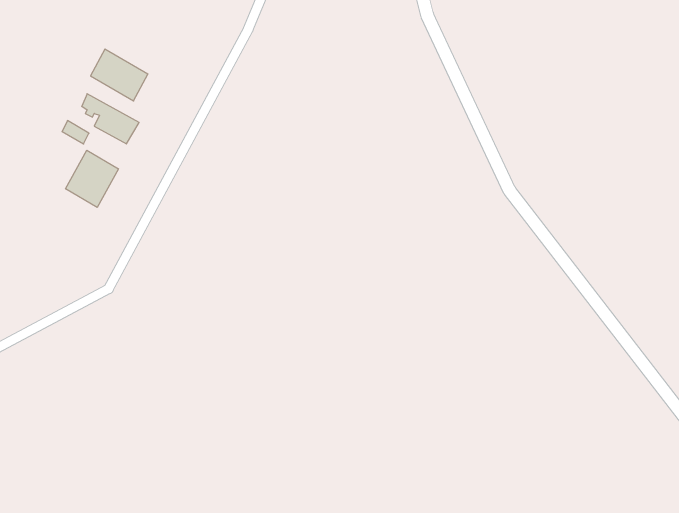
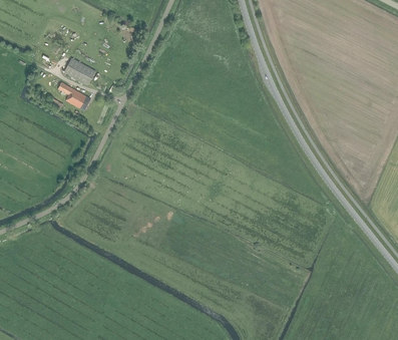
building: [66,150,118,207] -> none

